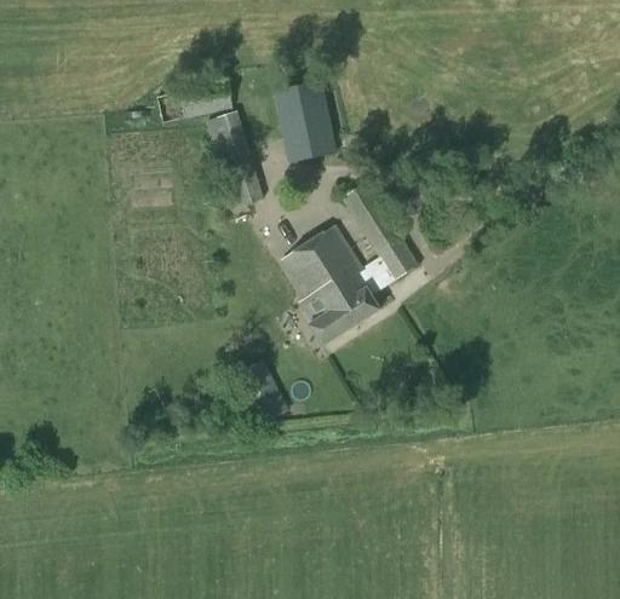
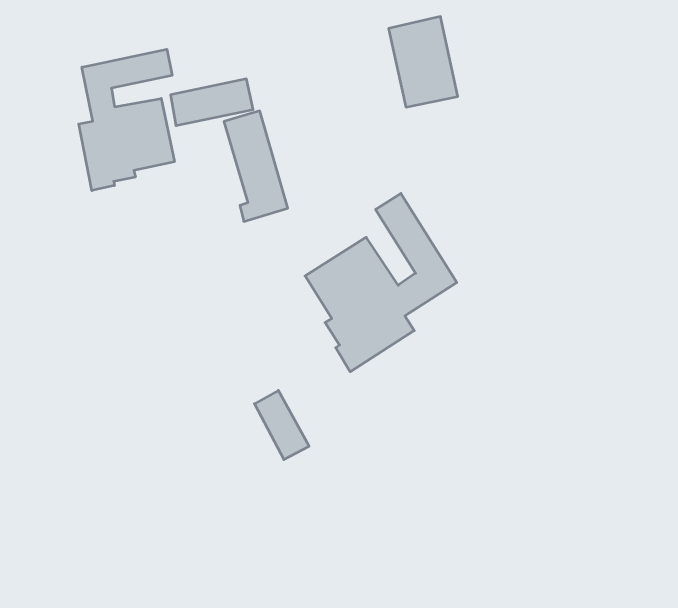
building: none -> [79,49,174,191]
building: [272,80,335,162] -> [389,17,458,107]

